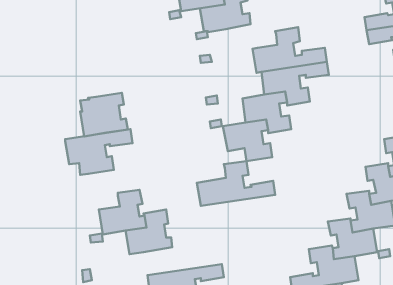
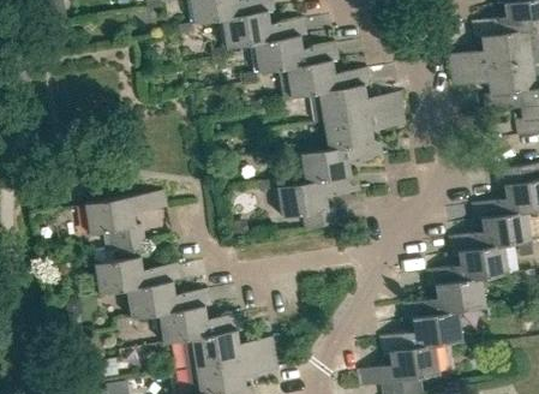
building: none -> [280,42,342,97]
building: [80,93,128,136] -> [94,240,151,293]
building: [197,161,275,206] -> [180,314,275,368]

